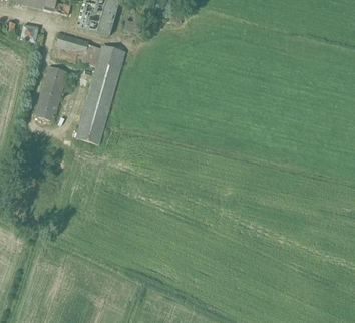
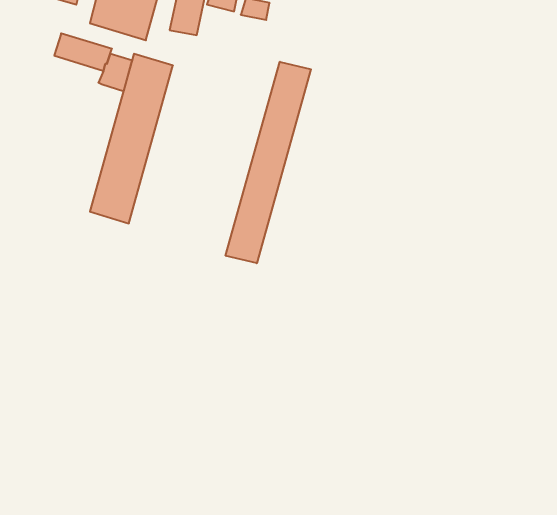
building: none -> [226,62,311,263]
building: [34,66,67,122] -> none

